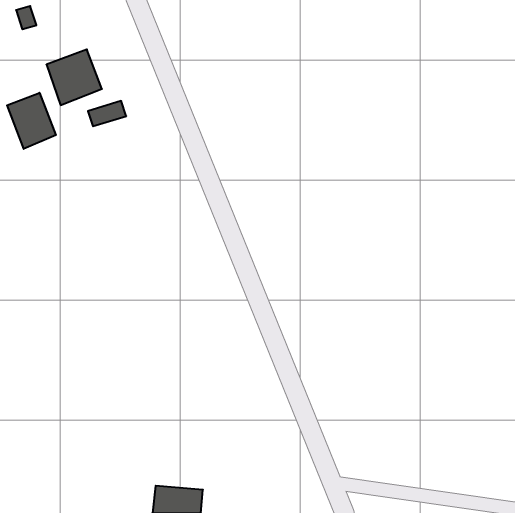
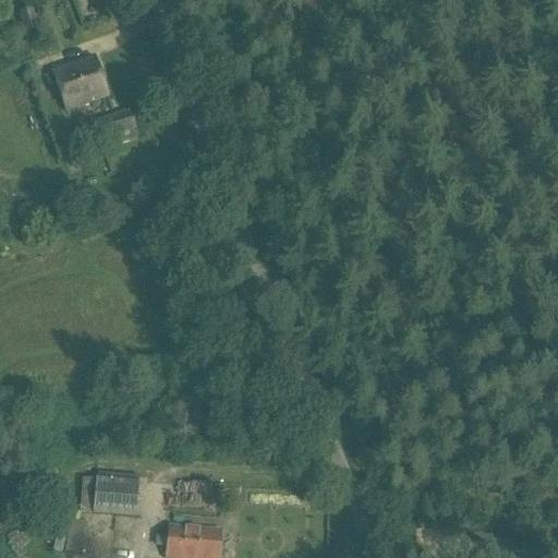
building: [7,93,56,149] -> none
building: none -> [93,480,138,518]

